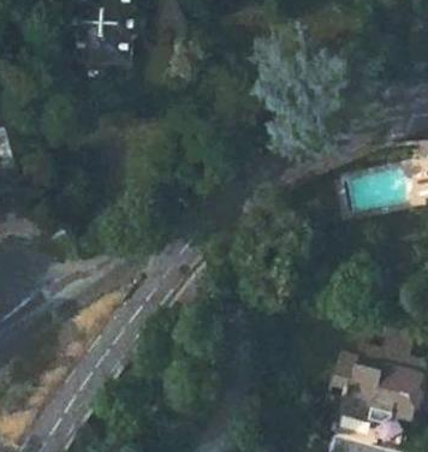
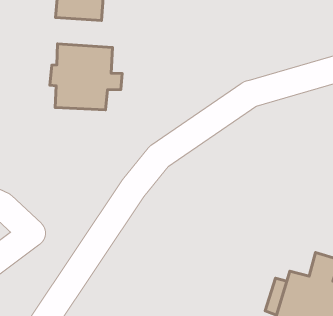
building: none -> [50,44,122,110]

